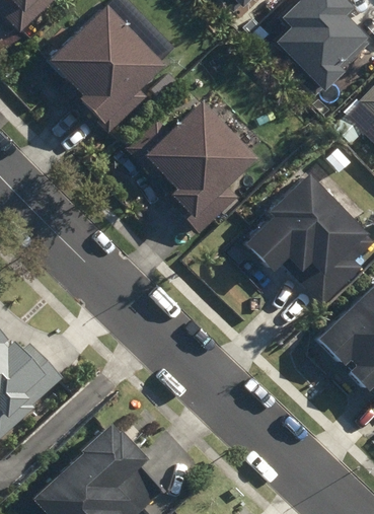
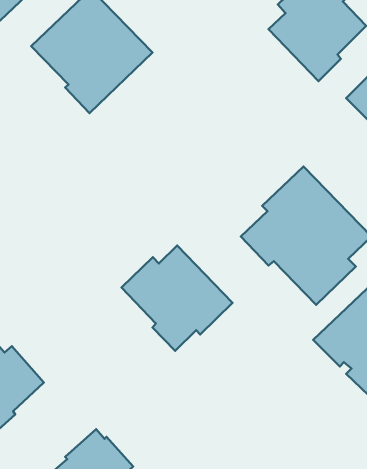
building: [127,101,255,233] -> none
building: none -> [122,246,232,351]

